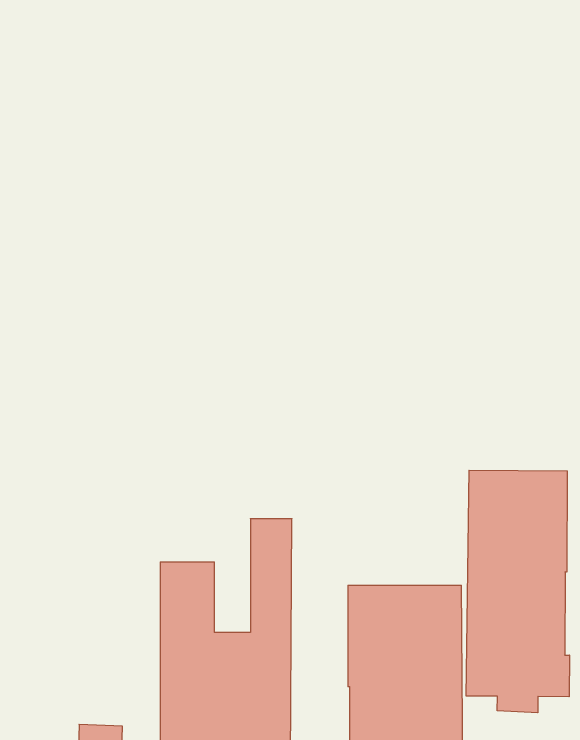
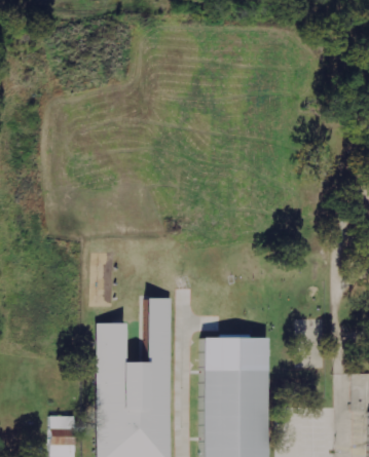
building: [466,470,569,713] -> none

